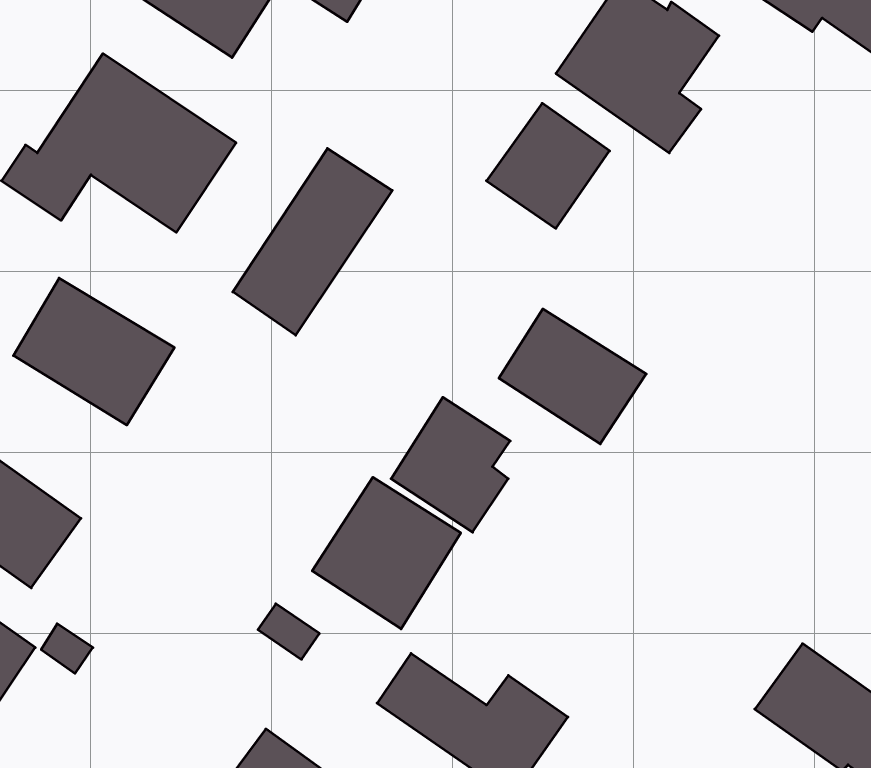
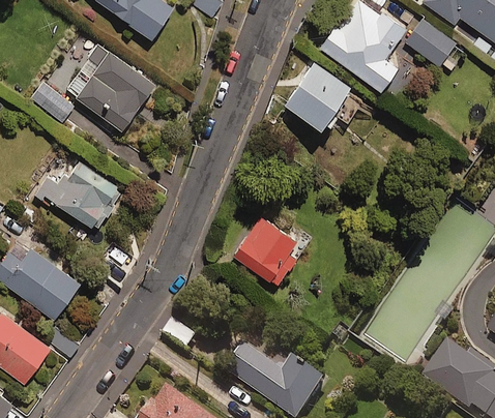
building: none -> [405,18,455,65]
building: [233,148,392,335] -> none
building: [499,309,646,444] -> none
building: [312,477,461,629] -> none

